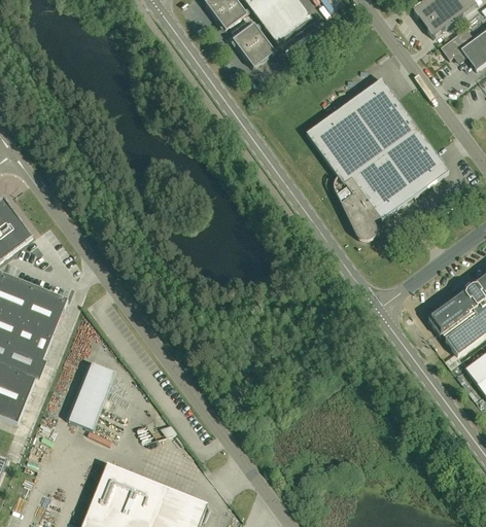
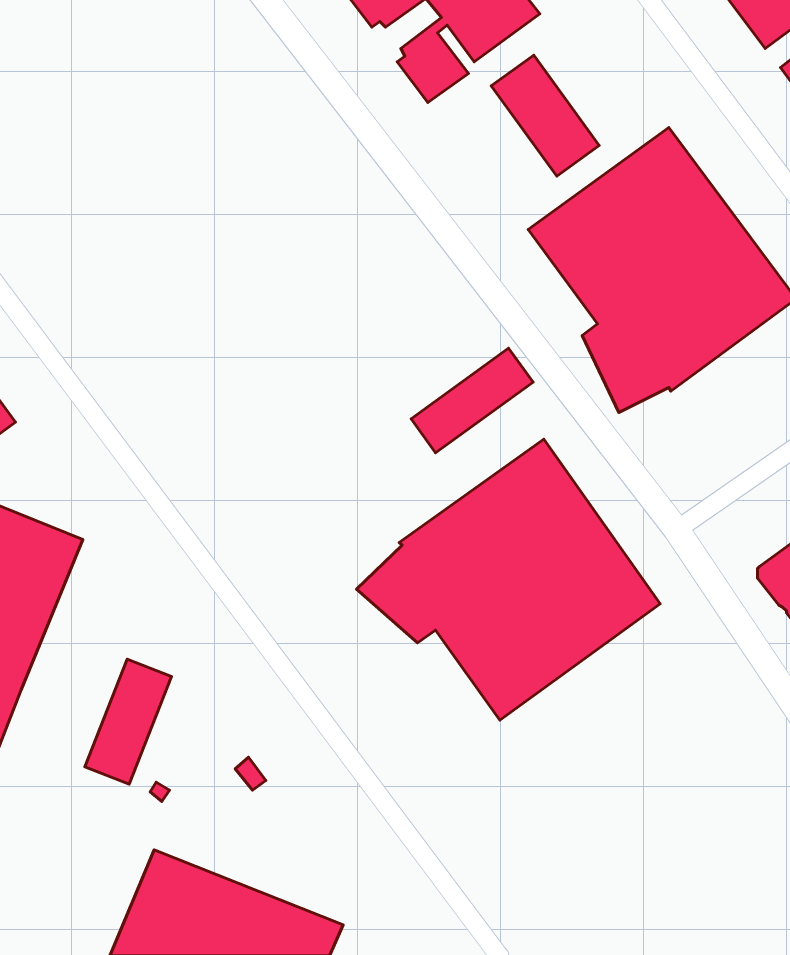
building: none -> [491,55,599,176]
building: none -> [411,348,533,453]
building: none -> [356,439,660,720]

